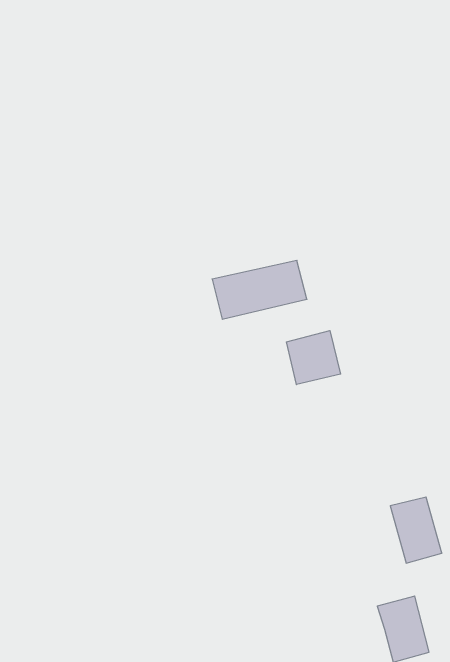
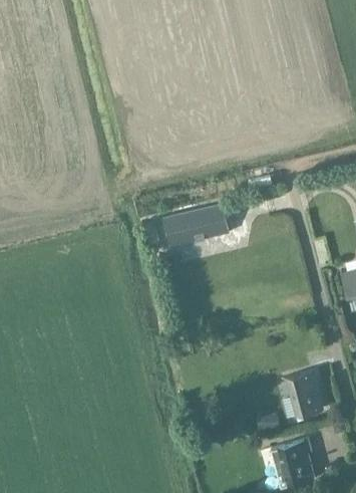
building: [286,331,341,385] -> none

